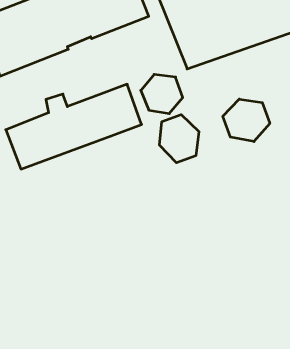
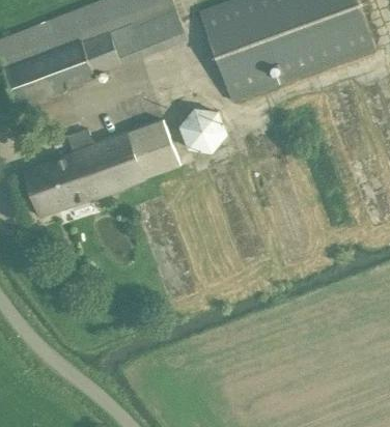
building: [223,99,270,142] -> none
building: [160,115,199,163] -> none

